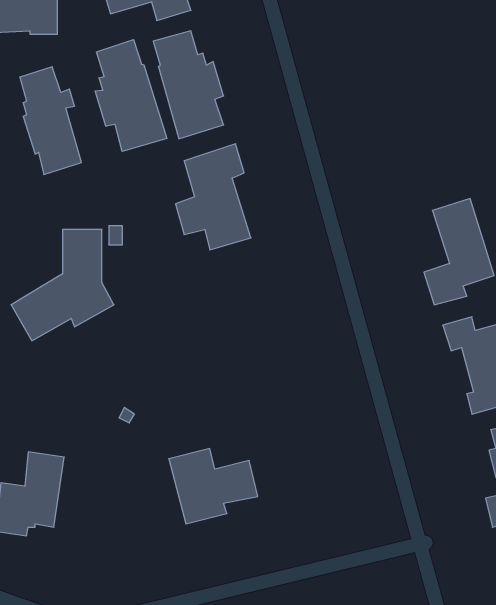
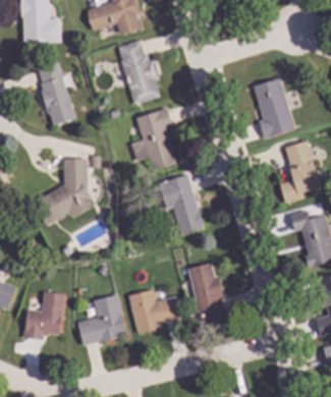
building: [95,40,167,151] -> none
building: none -> [253,78,295,139]
building: none -> [158,174,204,234]
building: none -> [186,263,224,317]
building: none -> [77,294,126,345]

